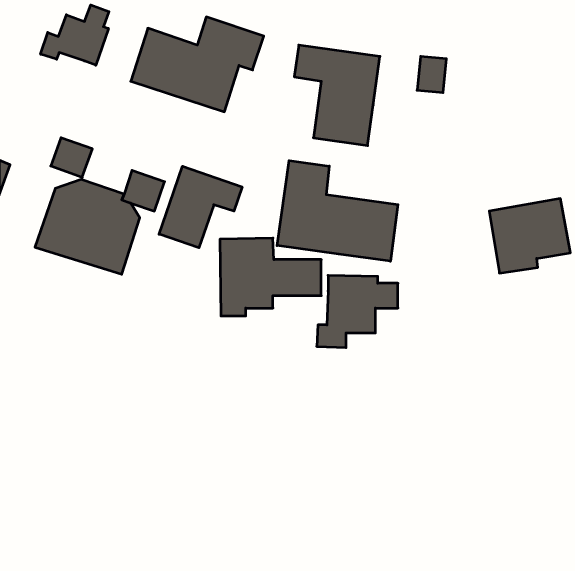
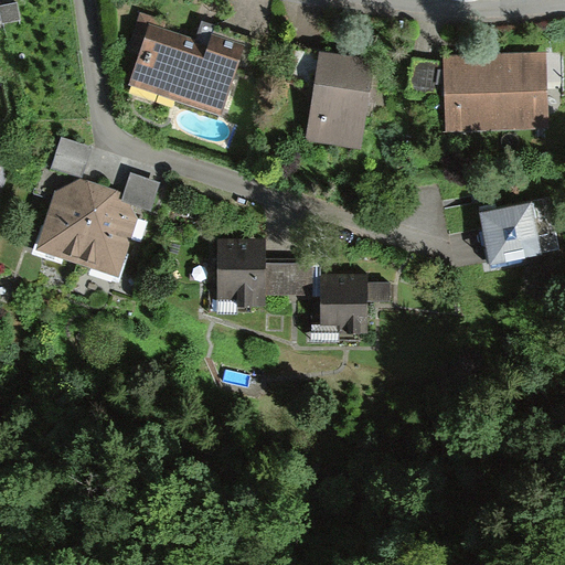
building: [41,5,109,65] -> none
building: none -> [444,56,546,129]
building: [277,161,398,261] -> none
building: [159,166,242,248] -> none

